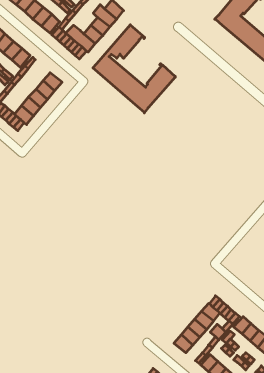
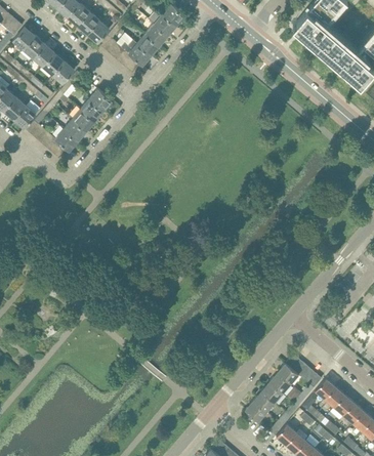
building: [93,25,175,113] -> none

